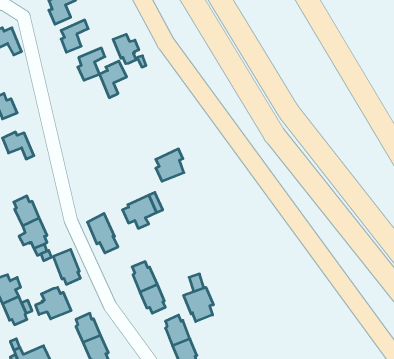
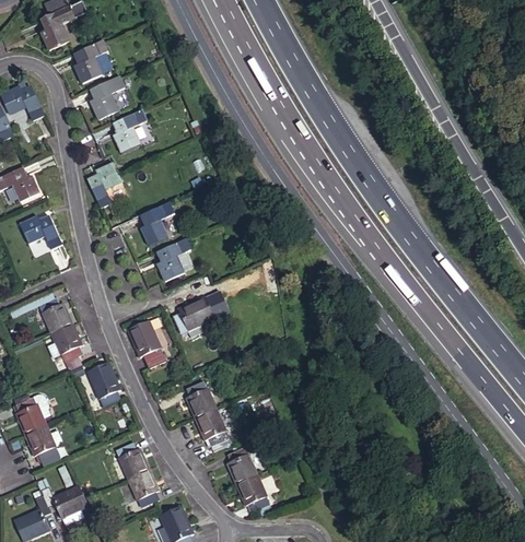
building: [113,34,139,64] -> none
building: [100,61,127,98] -> [90,163,124,209]
building: none -> [142,203,177,245]
building: [156,149,184,181] -> [158,239,192,280]
building: [184,287,213,322] -> none
building: [36,287,71,319] -> none

